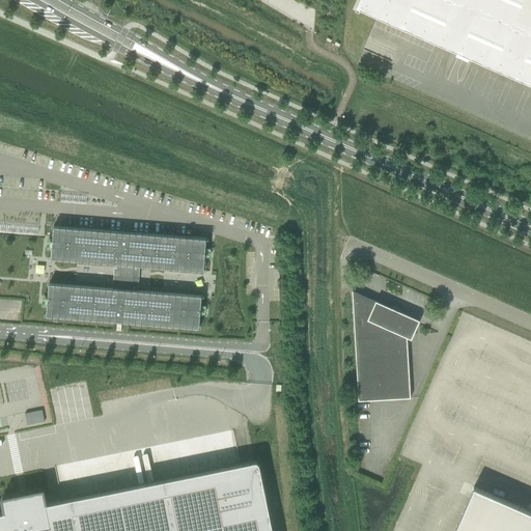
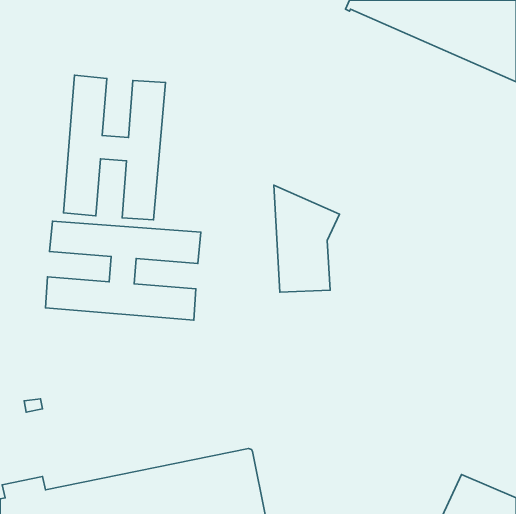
building: none -> [64,75,165,220]
building: [353,292,420,402] -> [274,185,339,292]

